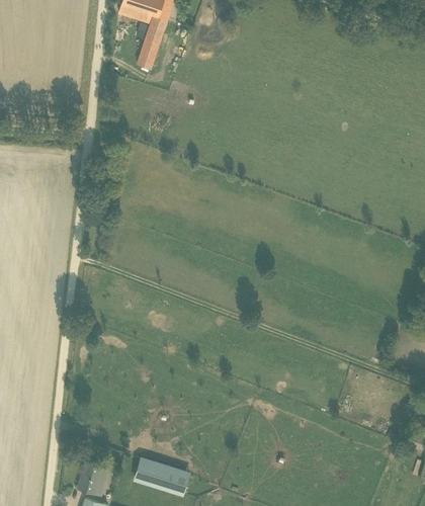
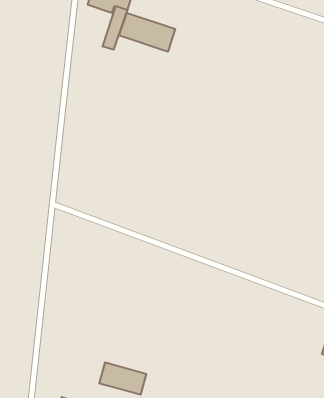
building: none -> [119,13,175,52]
building: [79,460,105,494] -> none

